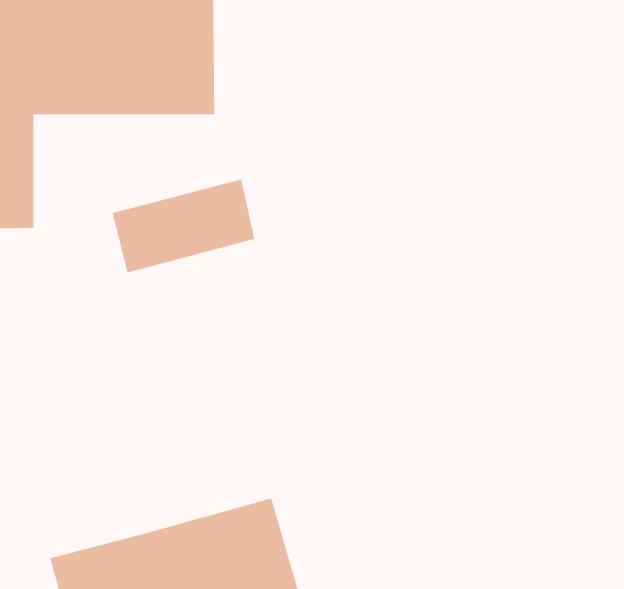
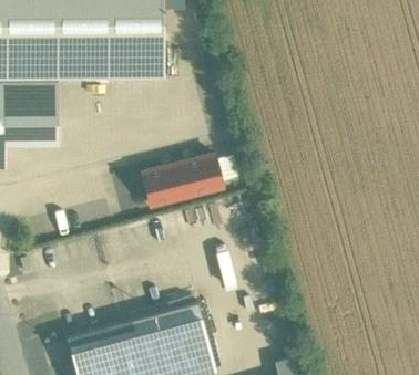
building: [112,179,255,273] -> [140,155,224,210]

